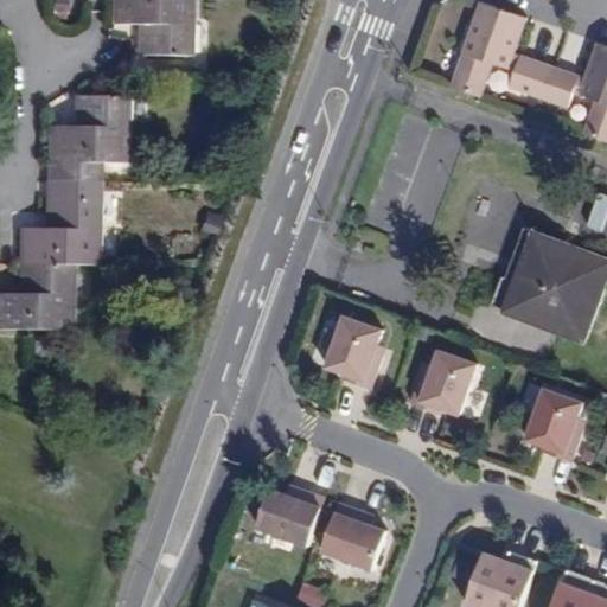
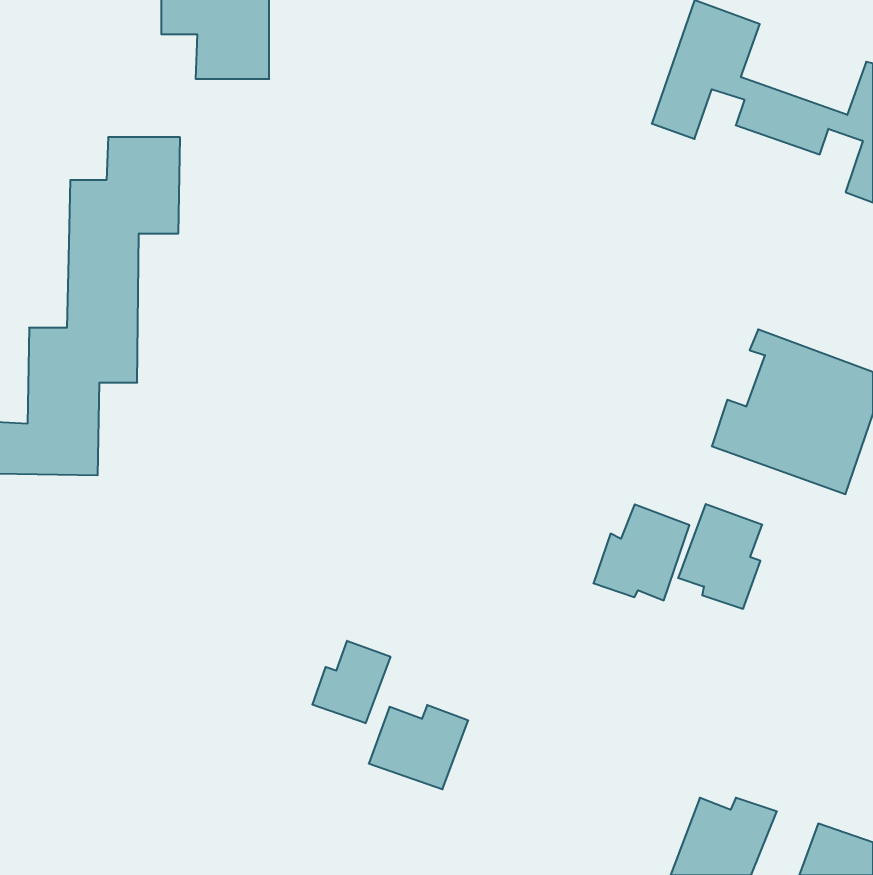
building: [325,315,382,388] -> none
building: [525,388,583,460] -> [678,504,762,609]
building: none -> [312,641,390,723]
building: [320,503,385,569] -> none

